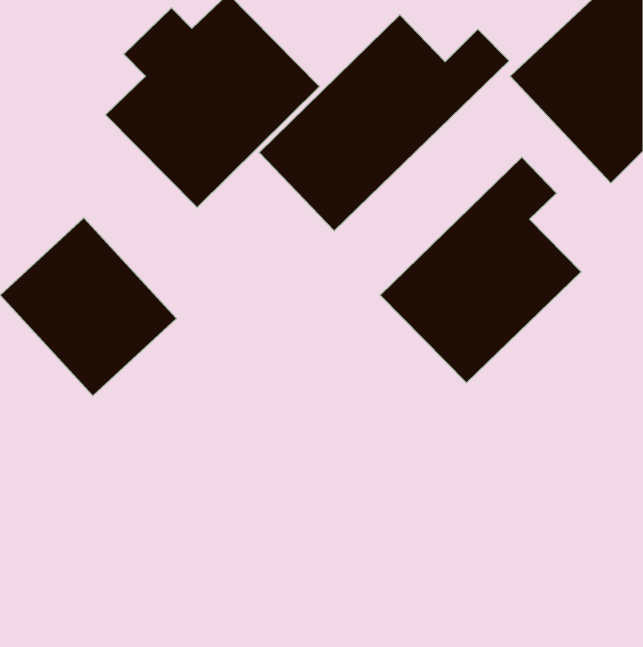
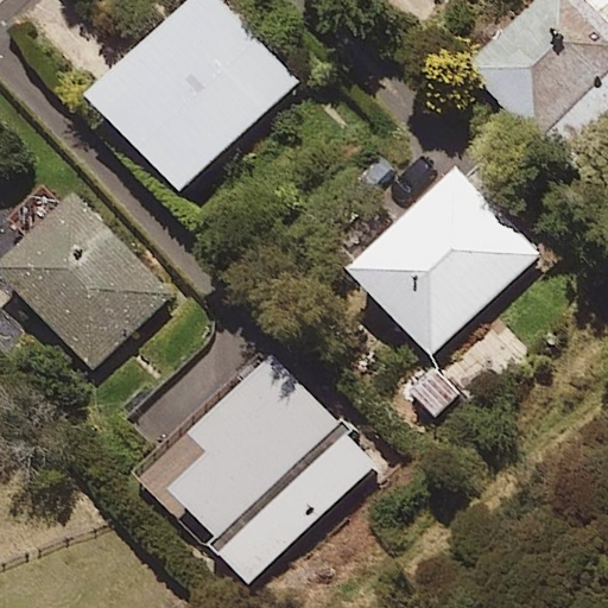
building: [259,15,509,231] -> none
building: none -> [139,367,369,580]

